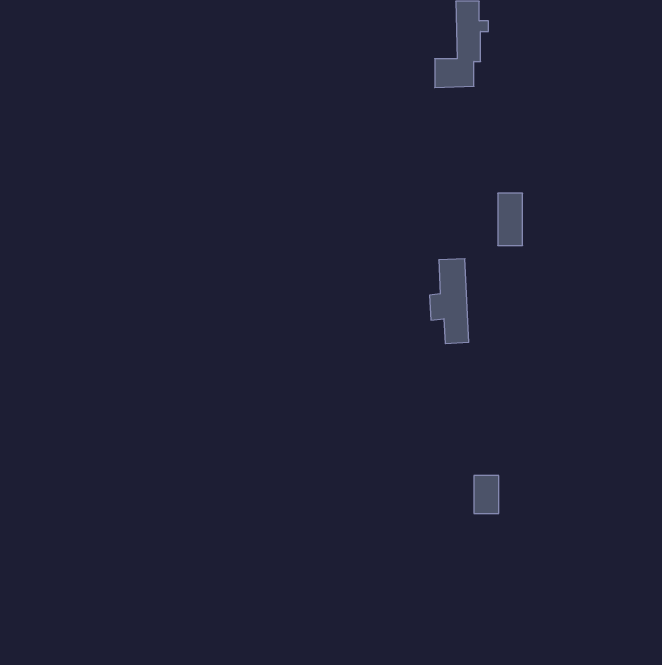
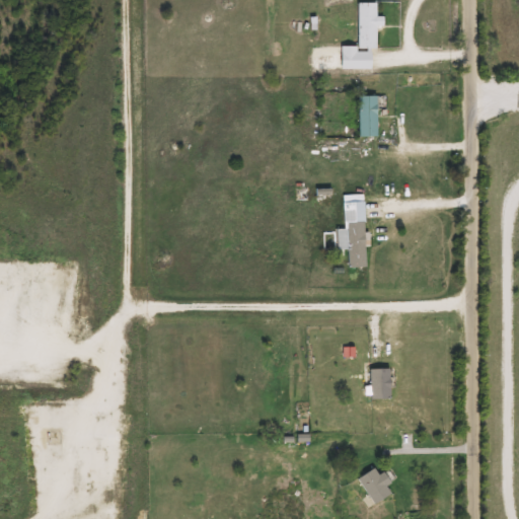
building: [498,193,523,245] -> [359,95,378,136]
building: none -> [358,465,392,503]

